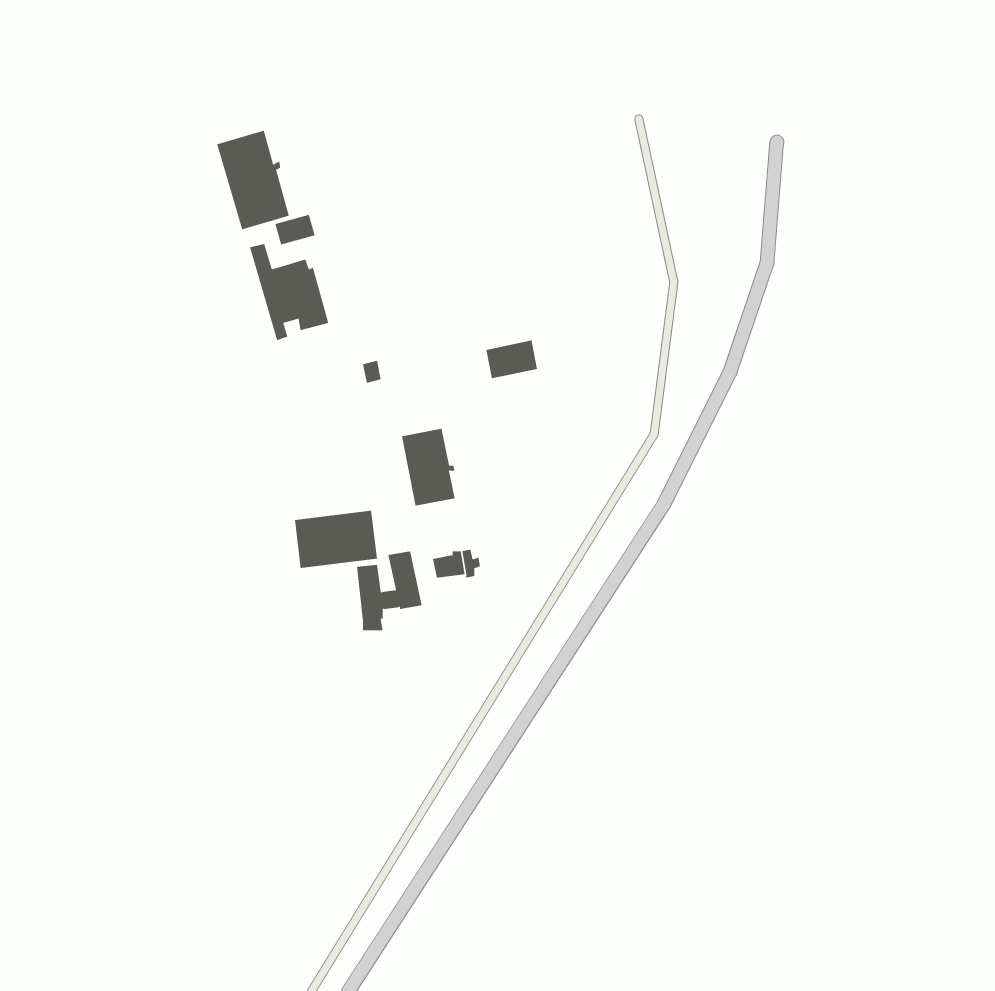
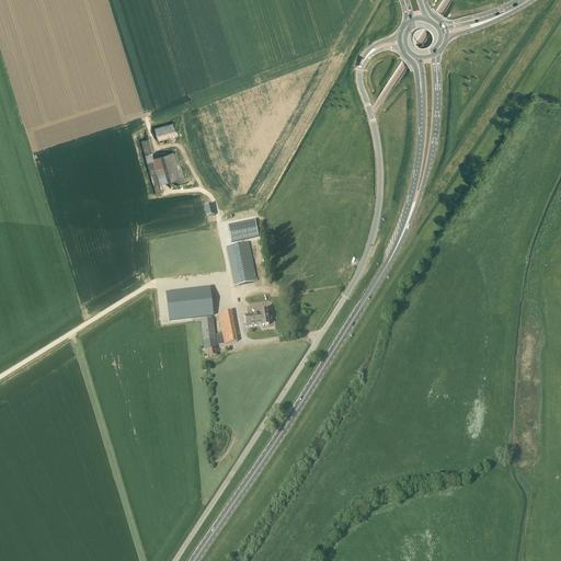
building: [217,130,289,230] -> none
building: [485,340,538,379] -> [228,218,257,240]

